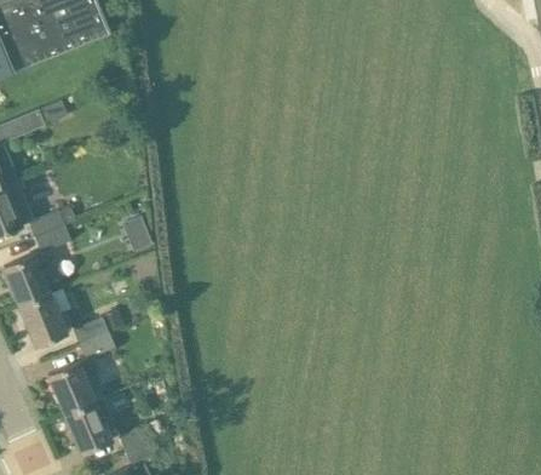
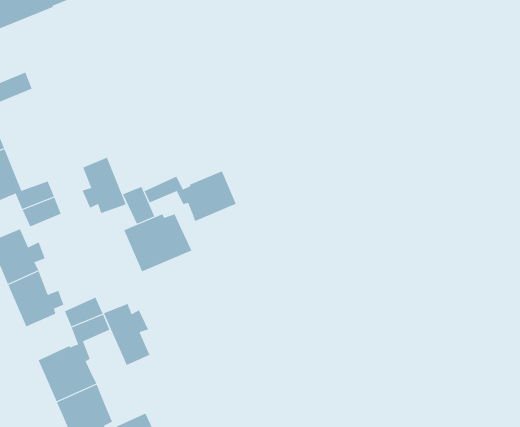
building: none -> [82,157,126,214]
building: none -> [144,171,237,222]
building: none -> [123,213,192,272]
building: none -> [103,303,150,366]

